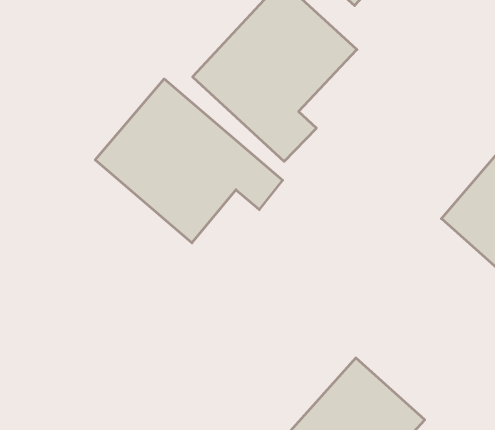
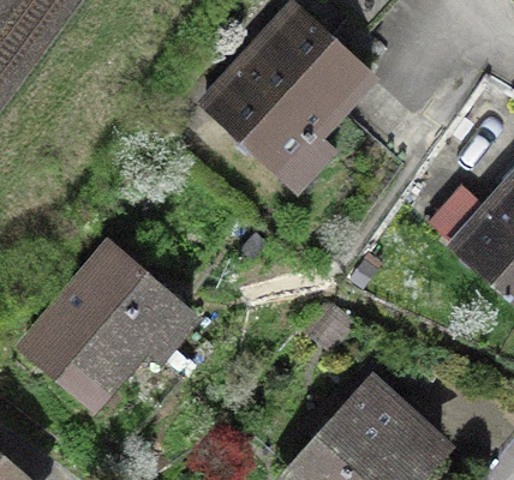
building: [95,79,283,243] -> none
building: none -> [25,247,191,404]

